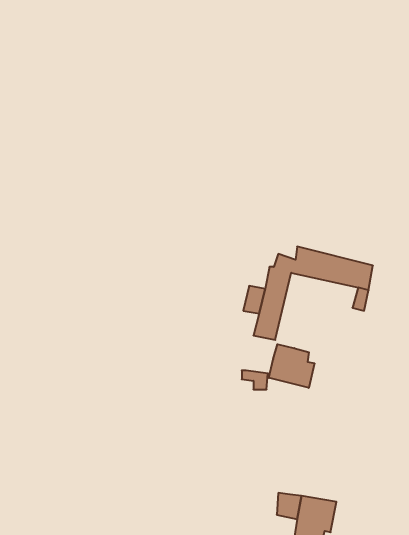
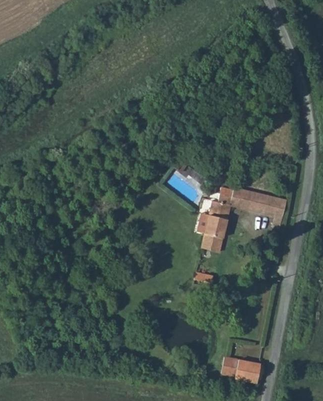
building: [269,344,314,388] -> none

